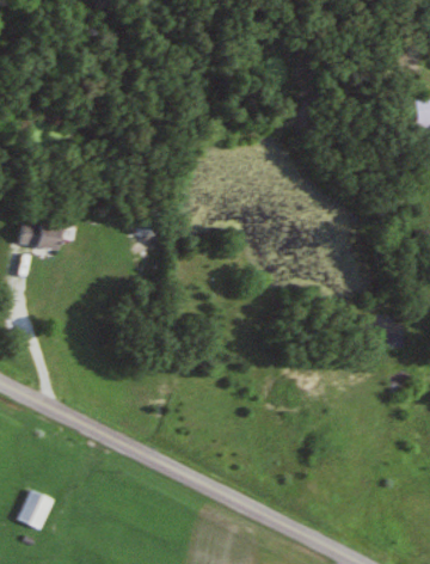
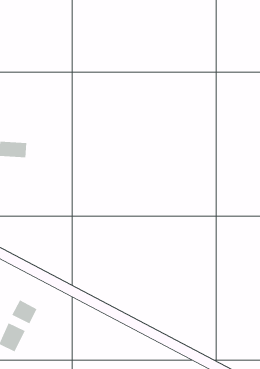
building: none -> [12,299,37,324]

